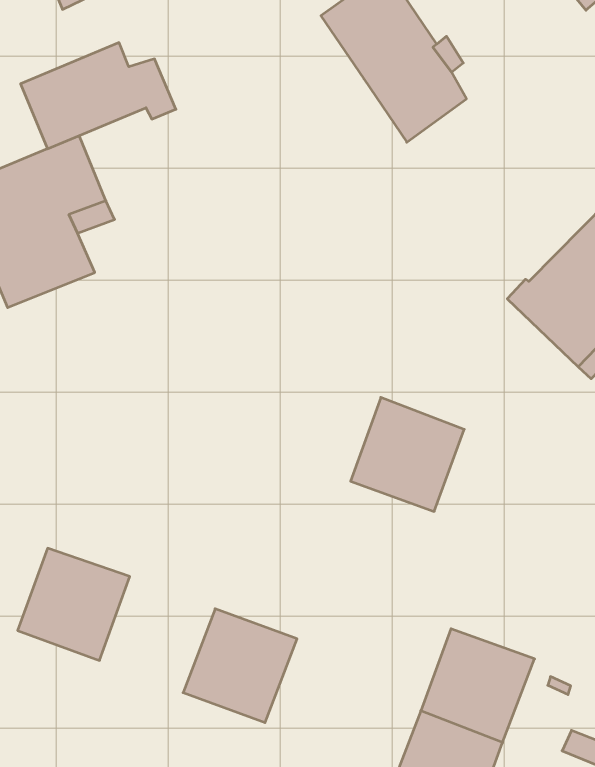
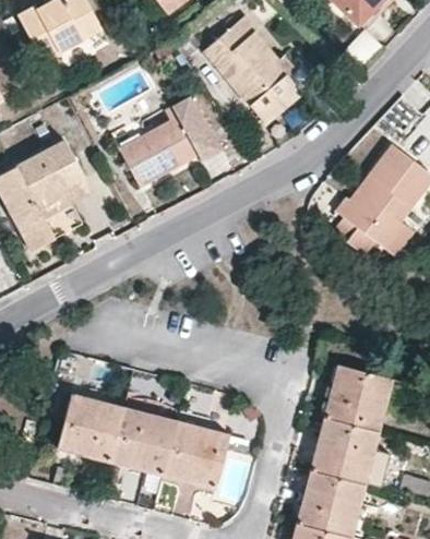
building: [21,43,176,149] -> [119,116,216,185]
building: [351,397,464,511] -> [324,364,391,431]
building: none -> [110,407,178,475]

